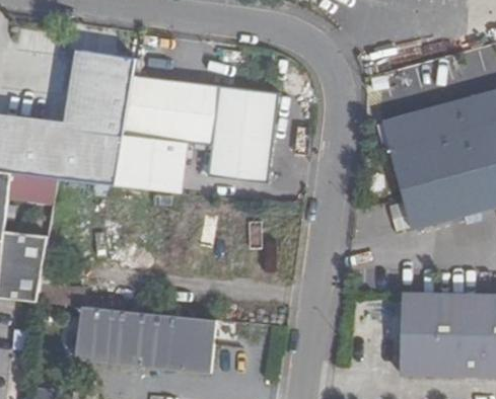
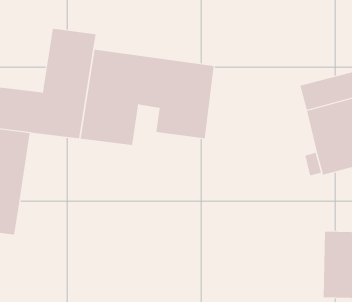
building: [73,306,213,373] -> none

